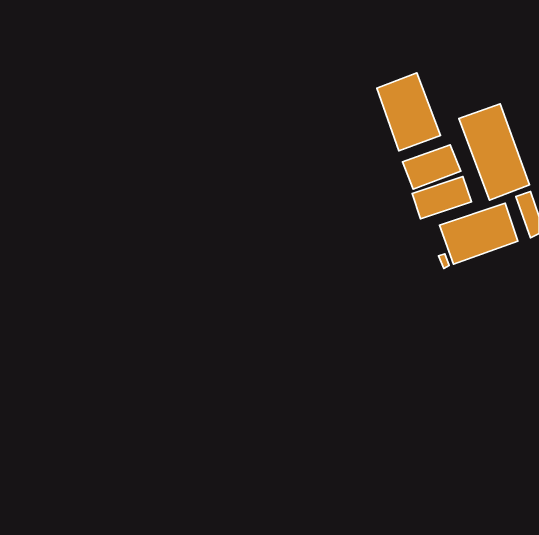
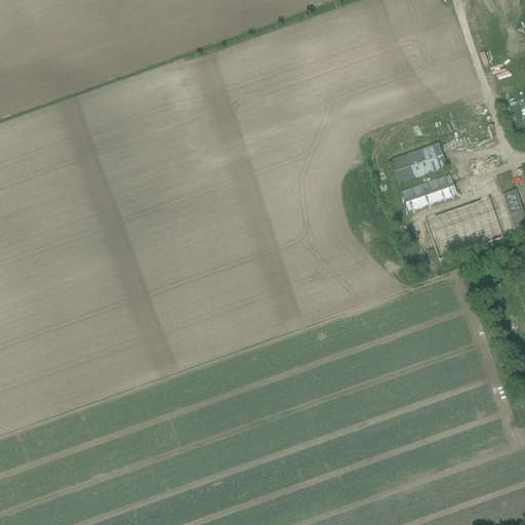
building: [377,73,440,151] -> none
building: [459,104,529,200] -> none

